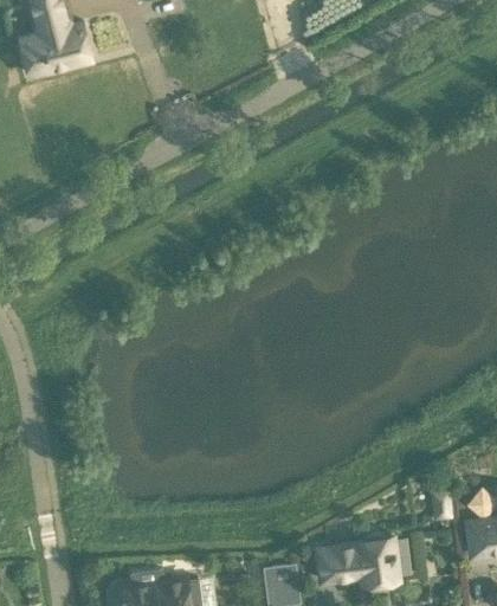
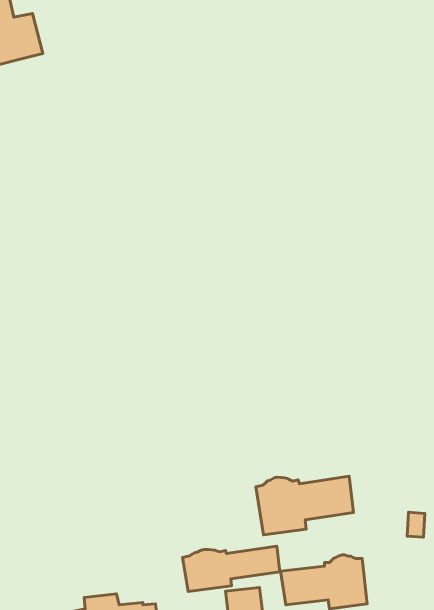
building: none -> [256,476,353,535]
building: none -> [183,546,280,591]

